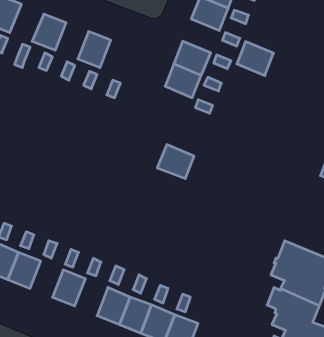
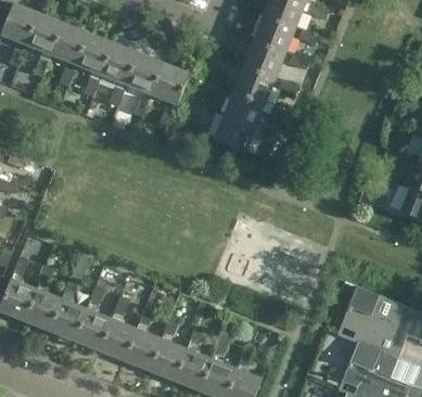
building: none -> [51,23,89,64]
building: none -> [102,43,139,84]
building: none -> [152,63,189,104]
building: [237,42,274,76] -> [244,39,285,77]
building: [157,145,194,179] -> [214,114,255,152]
building: none -> [74,309,111,349]
building: none -> [124,329,161,370]

